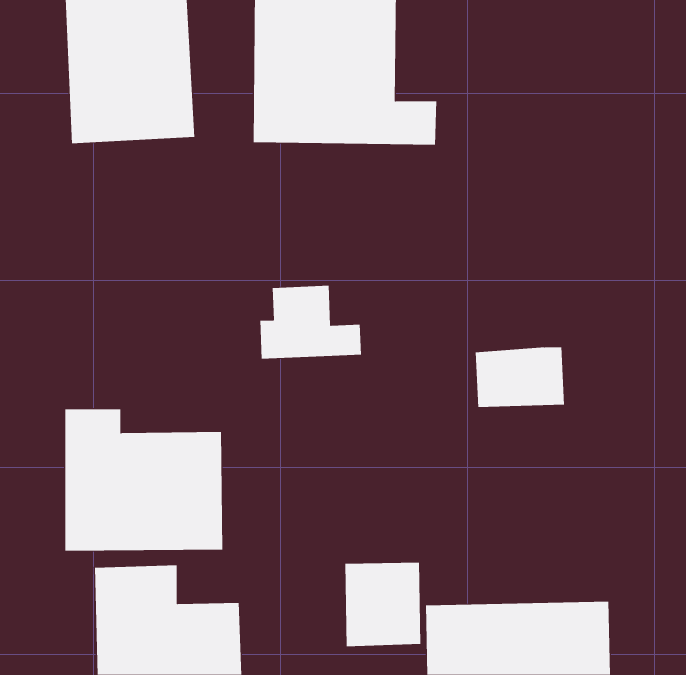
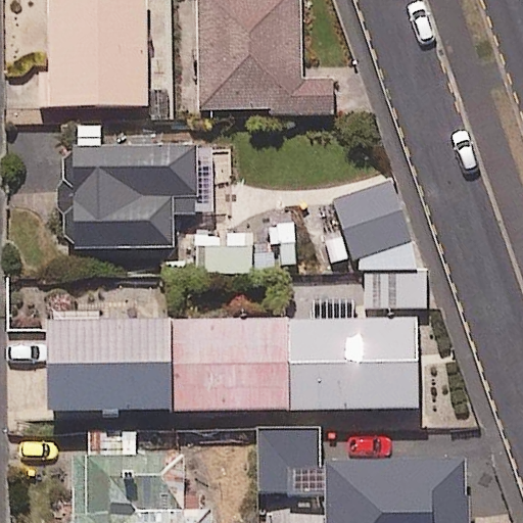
building: none -> [68,118,210,250]
building: none -> [333,174,414,268]
building: none -> [296,316,418,409]
building: none -> [186,321,287,414]

